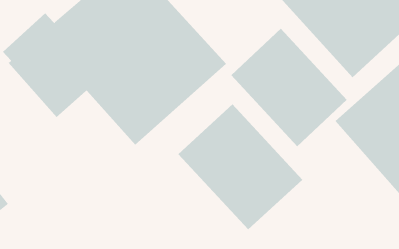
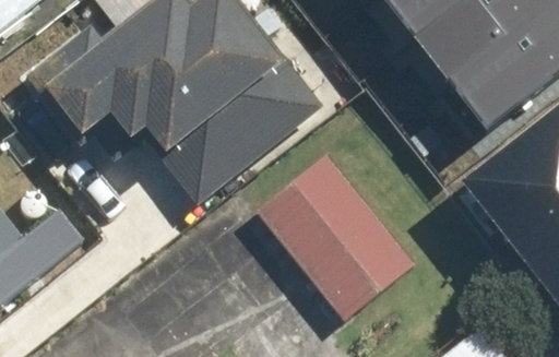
building: [230,28,348,147] -> none

